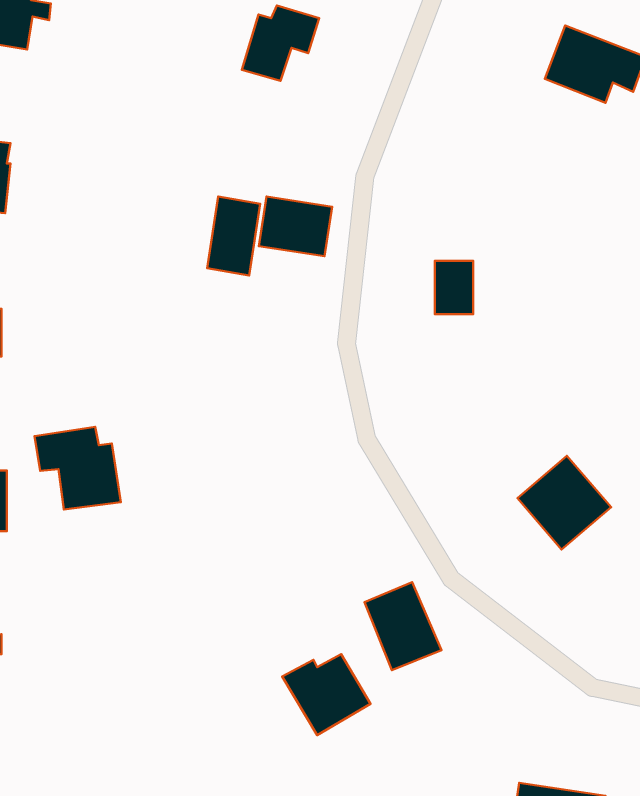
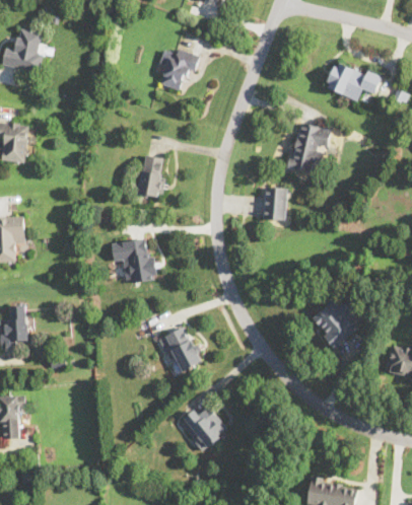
building: none -> [288,124,330,175]
building: [259,197,332,256] -> none
building: [35,427,121,510] -> [111,238,158,284]
building: [364,582,442,670] -> [160,326,203,374]

